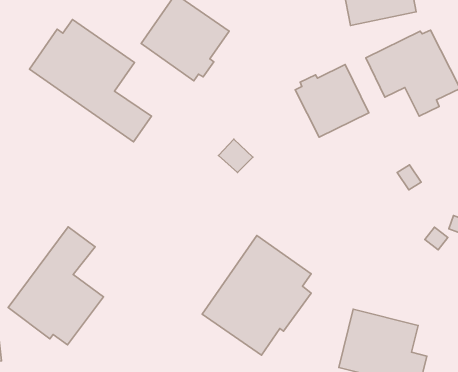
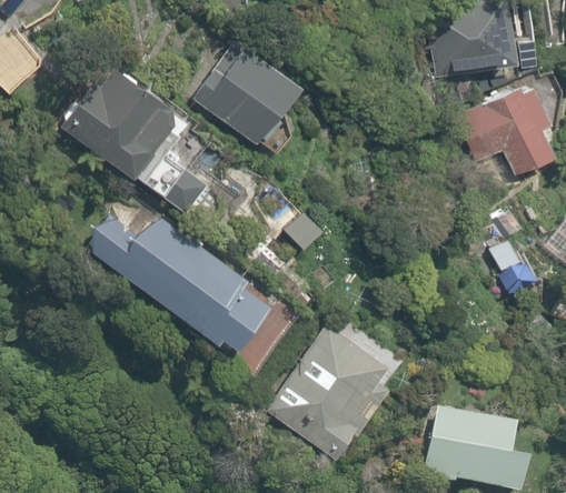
building: [295,65,369,137] -> none
building: none -> [91,215,270,350]
building: [8,227,103,345] -> none

